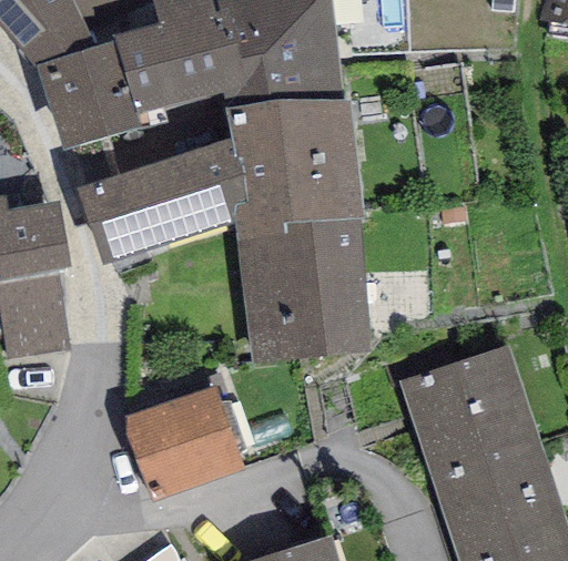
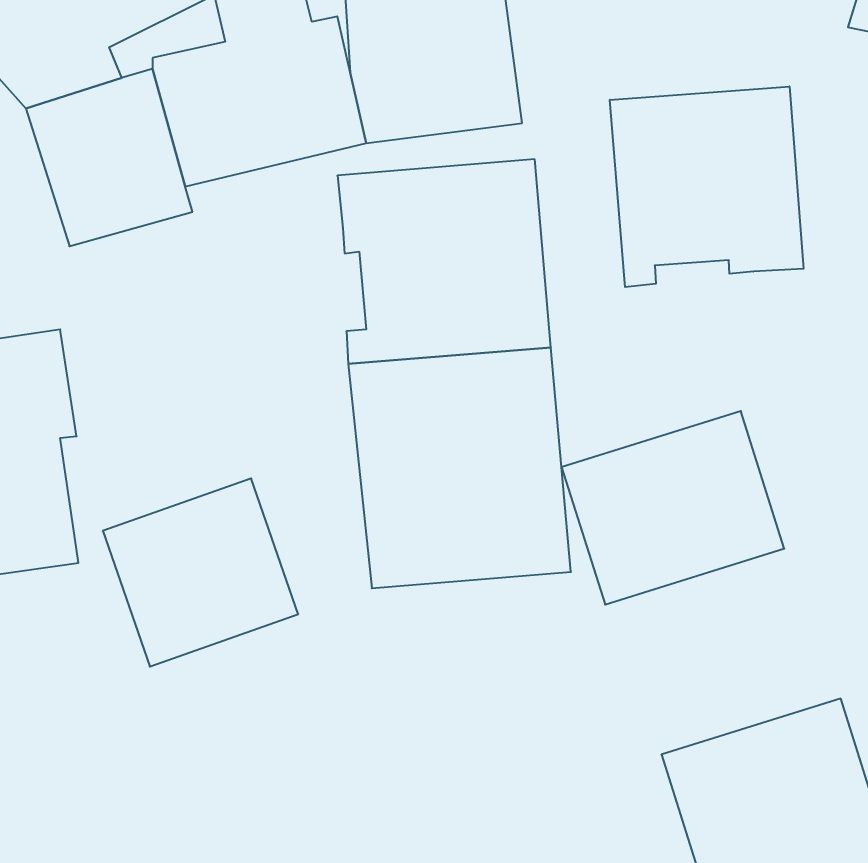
building: none -> [610,86,804,287]
building: [78,141,246,265] -> none
building: [400,345,537,463] -> [562,411,784,605]
building: [123,385,243,500] -> [103,478,298,667]

